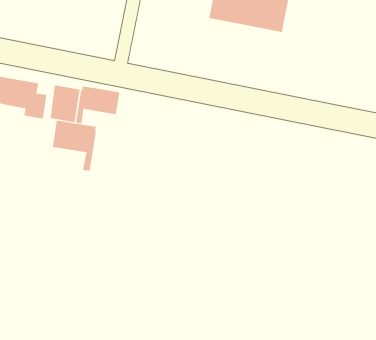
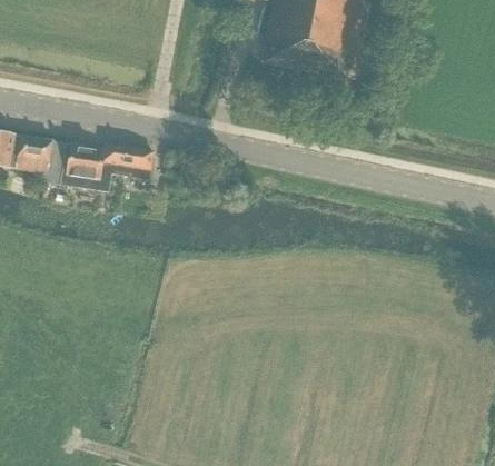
building: [52,120,97,172] -> none

